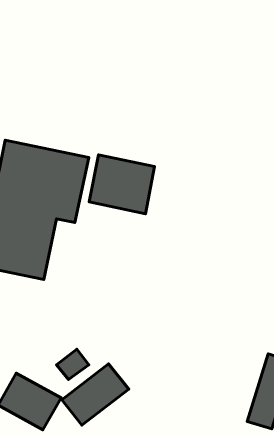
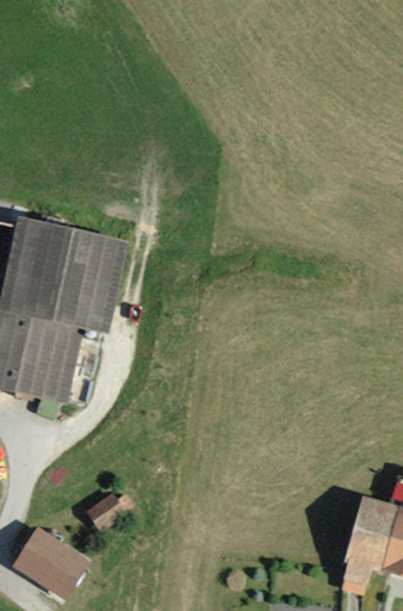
building: [89,155,155,214] -> none
building: [62,364,129,425] -> none

